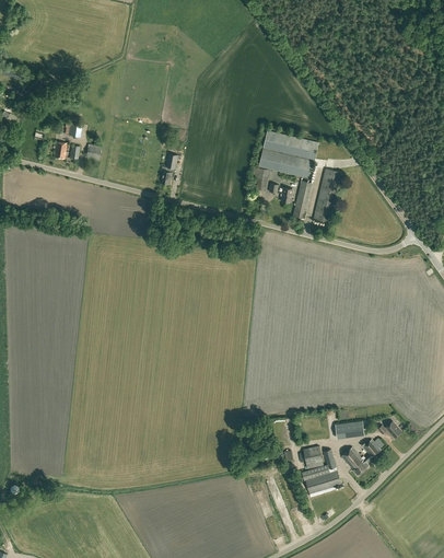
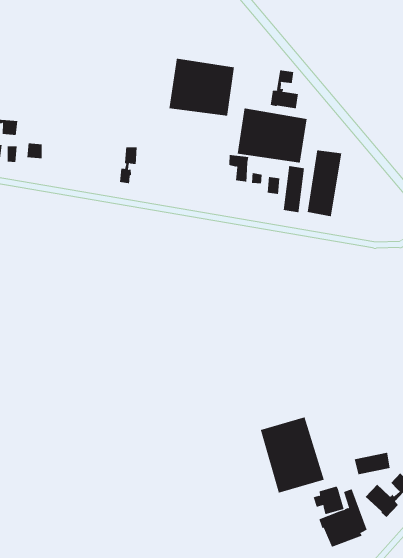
building: none -> [169,58,235,116]
building: none -> [270,70,299,109]
building: none -> [260,416,324,493]

